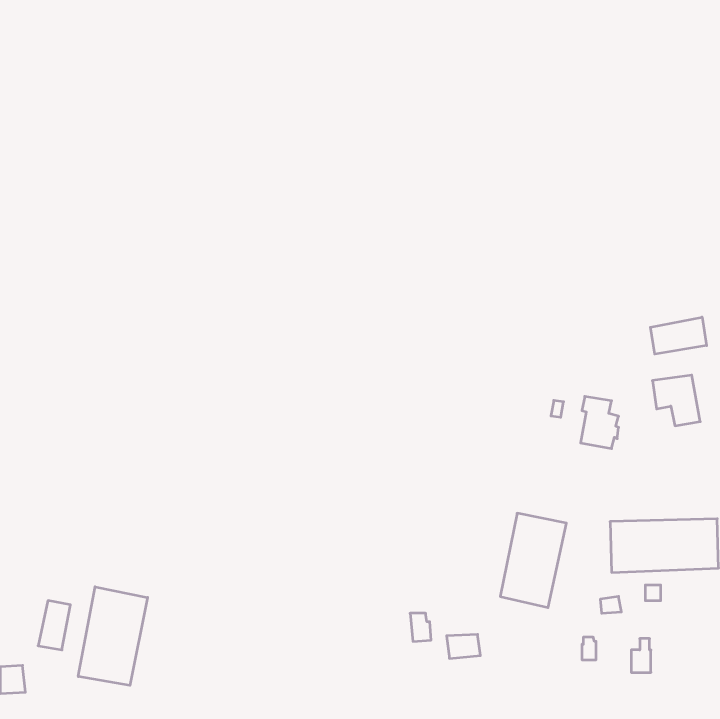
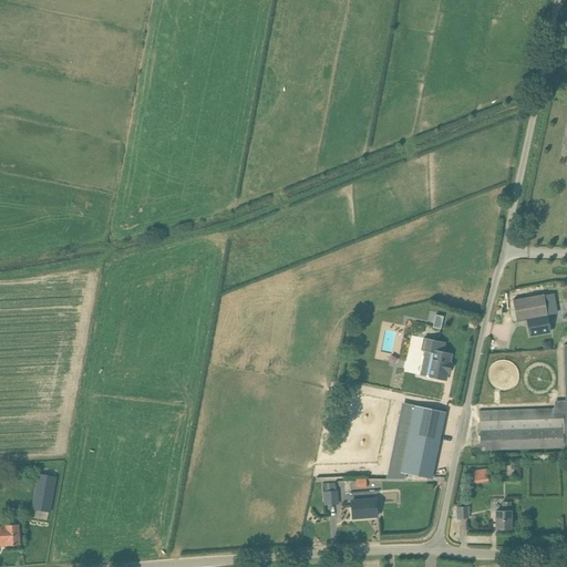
building: [650,317,707,354] -> none
building: [581,396,619,449] -> [421,338,451,379]
building: [78,587,148,685] -> none

